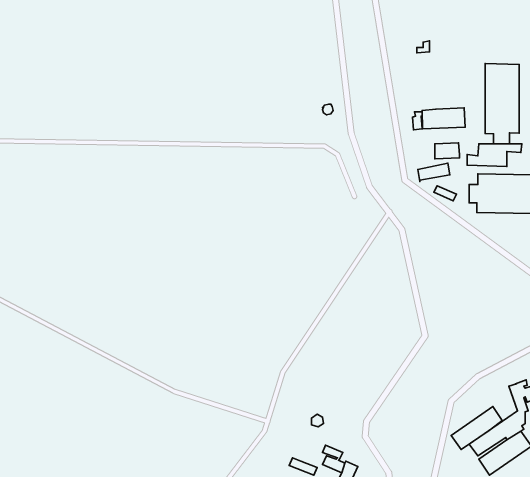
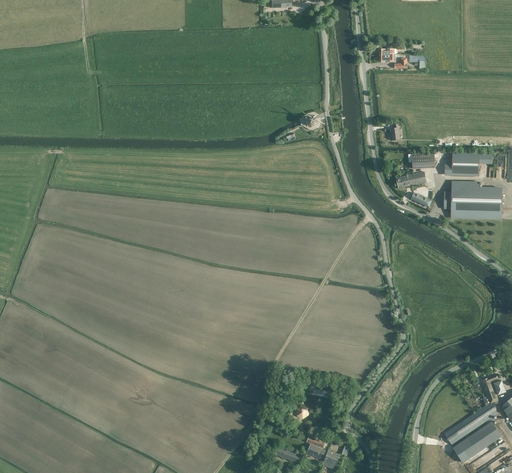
building: [485,64,519,144] -> none
building: [422,108,465,129] -> none
building: [451,407,502,450] -> none

